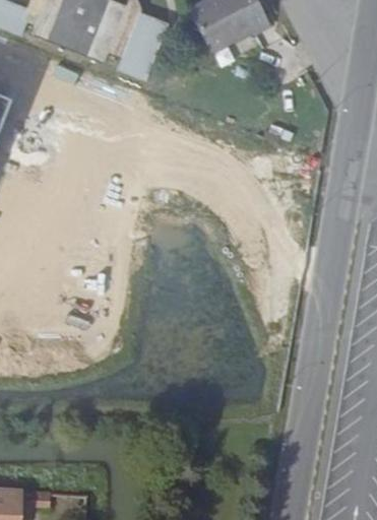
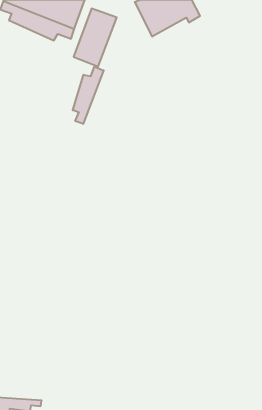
building: none -> [73,67,104,124]

